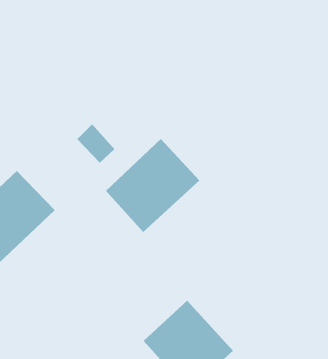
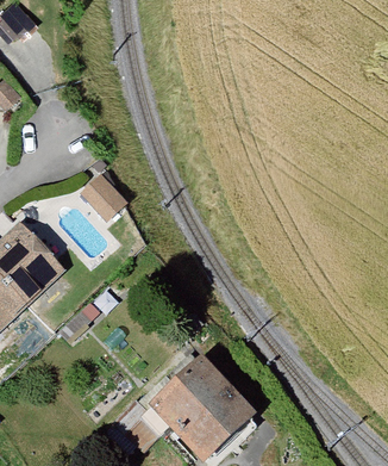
building: [105,138,200,233] -> none

